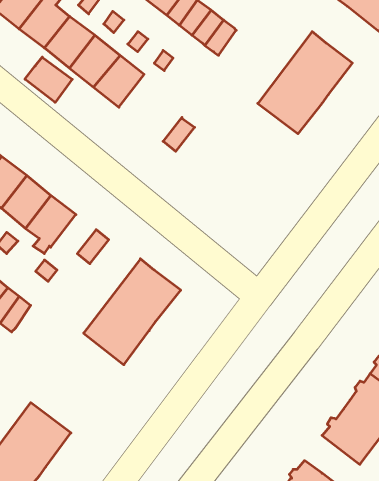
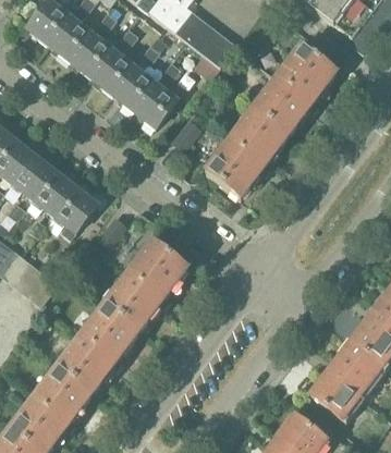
building: [25,57,72,102] -> none
building: none -> [133,83,176,127]
building: none -> [204,108,288,198]
building: none -> [57,306,137,392]

